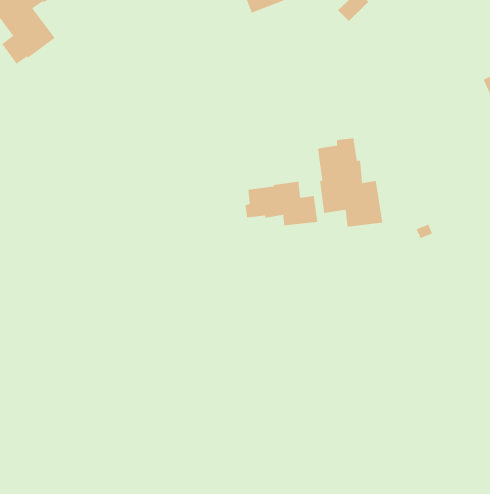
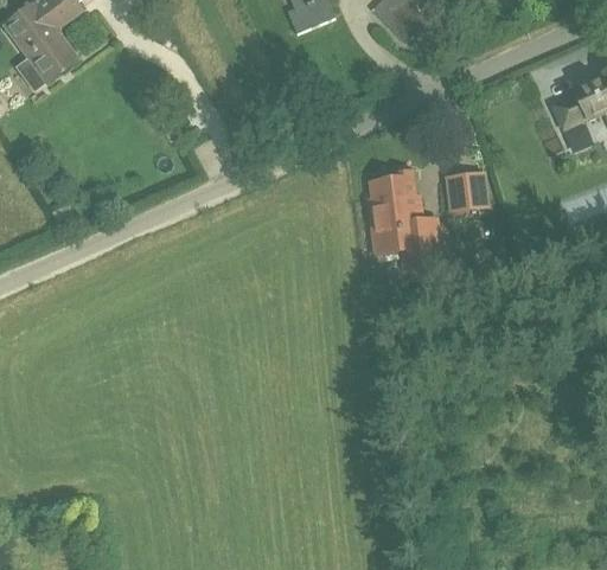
building: none -> [460,172,488,212]
building: [245,181,318,226] -> none

